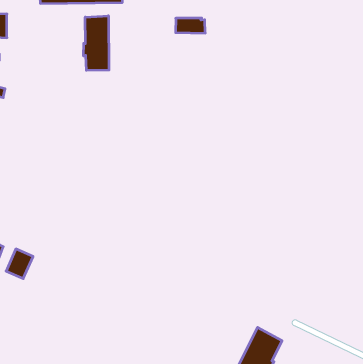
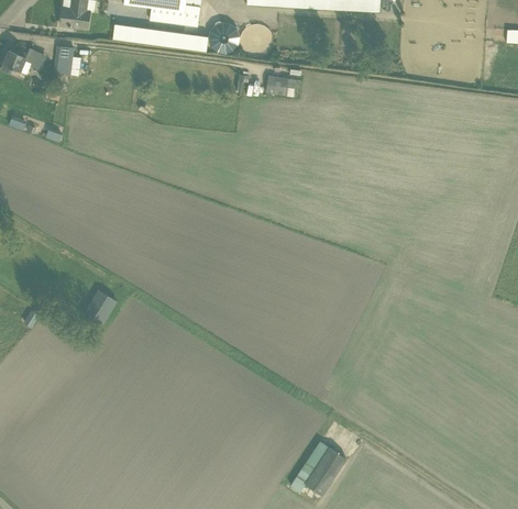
building: [84,16,109,70] -> none
building: [6,249,33,279] -> [82,287,115,322]

